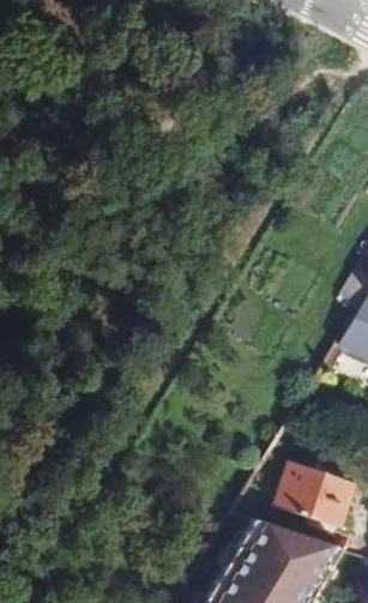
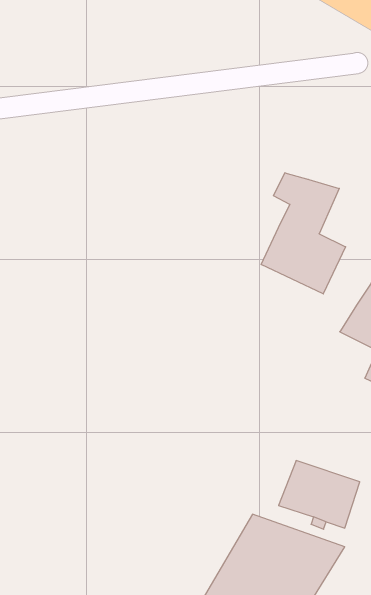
building: none -> [261,173,346,294]

